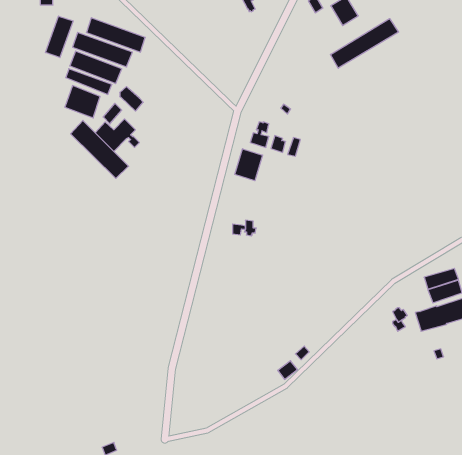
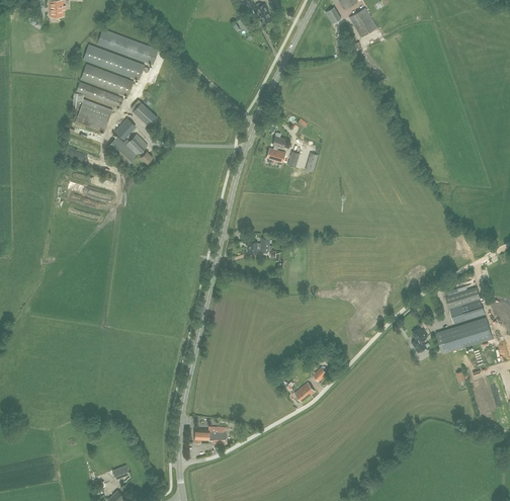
building: [46,16,73,58] -> none
building: [330,19,399,68] -> none
building: [71,120,129,178] -> none
building: [235,149,263,181] -> none
building: none -> [194,426,227,442]

